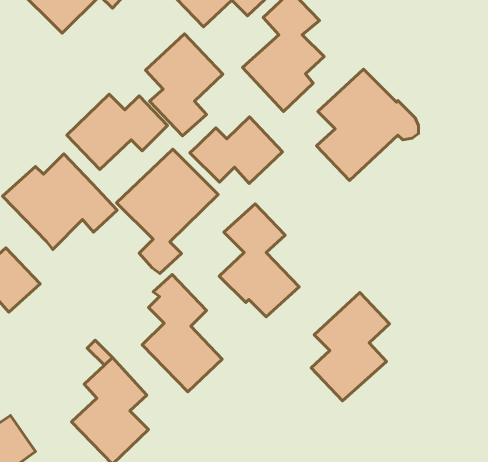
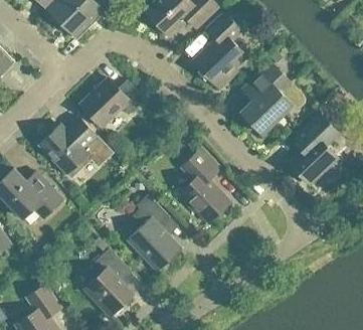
building: [146,34,223,136] -> none
building: [190,117,283,183] -> none
building: [117,149,218,274] -> none
building: [311,293,390,401] -> [289,114,339,183]

